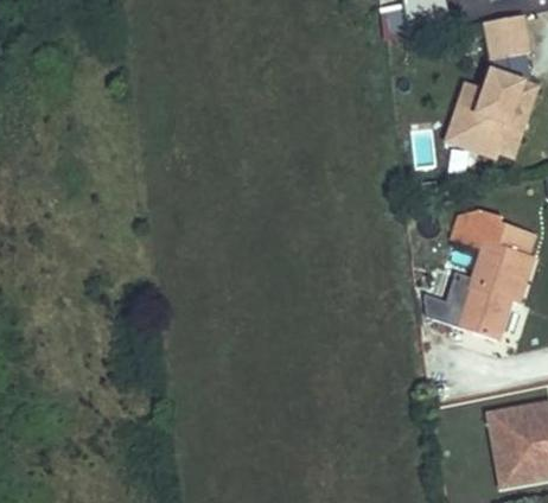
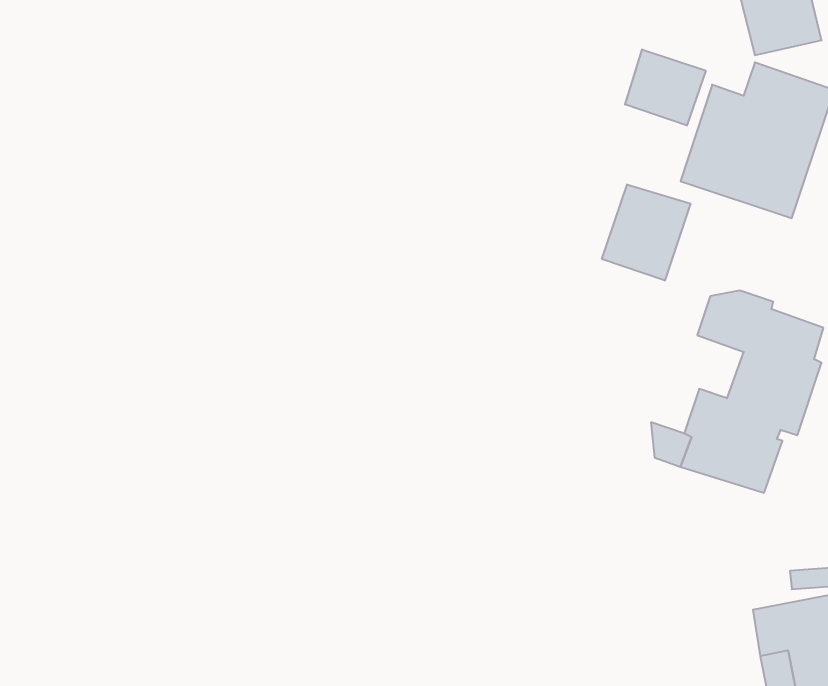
building: none -> [625,49,706,126]
building: none -> [602,184,690,281]

